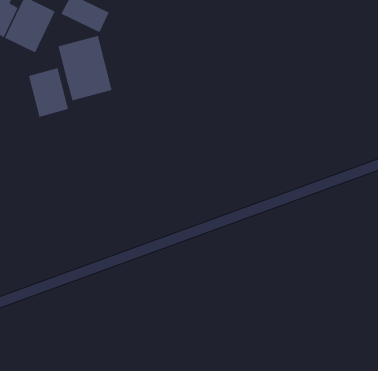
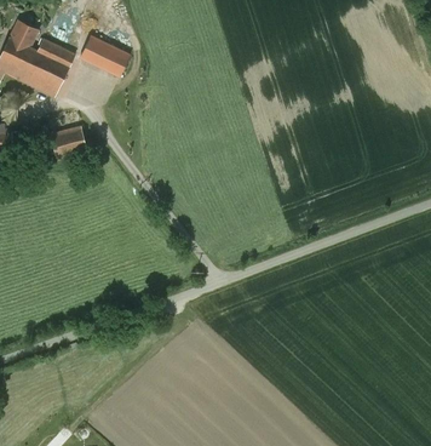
building: [58,35,112,101] -> none

